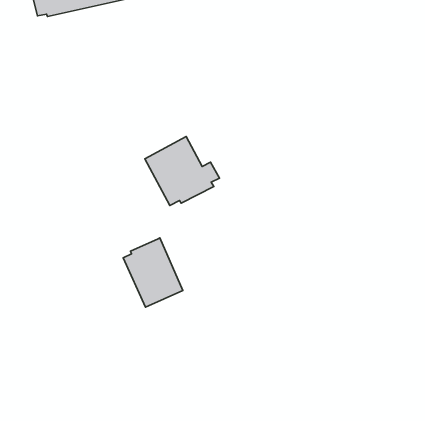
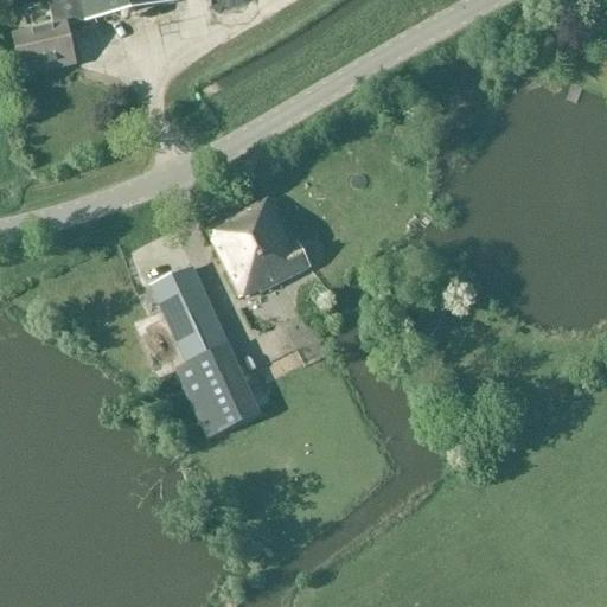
building: none -> [12,20,78,75]
building: none -> [152,266,225,358]

